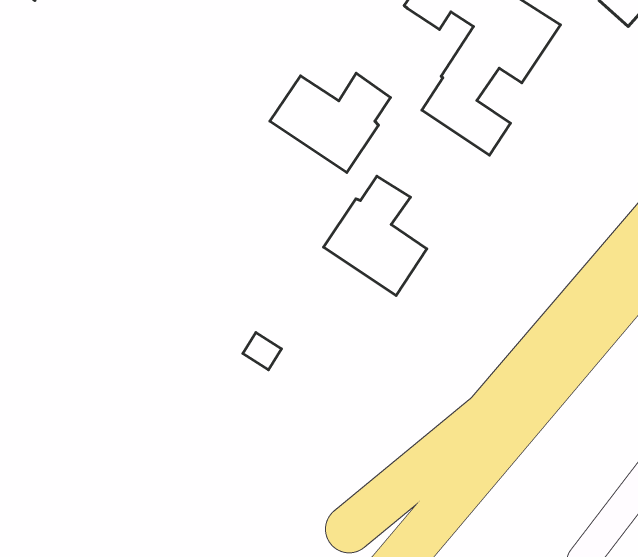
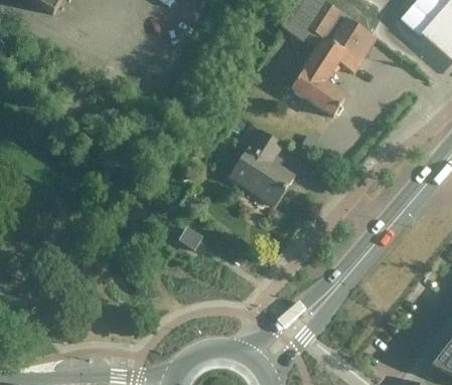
building: [270,73,391,172] -> none

